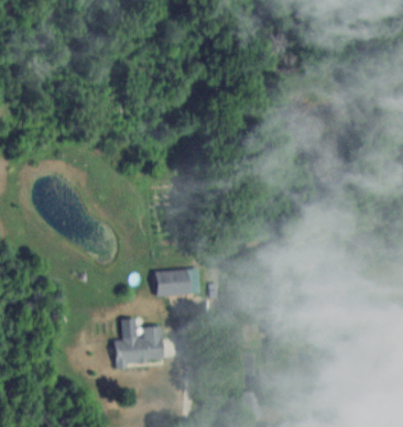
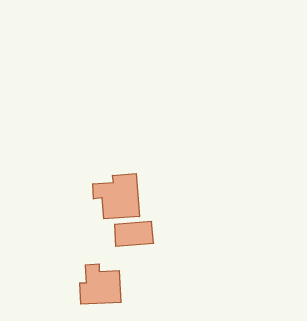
building: none -> [93,174,139,219]

